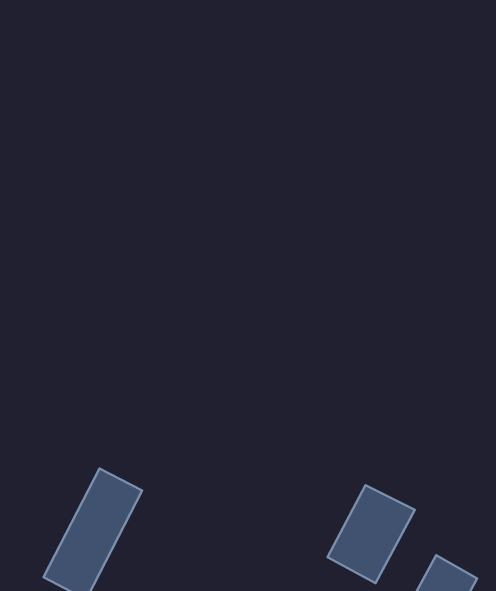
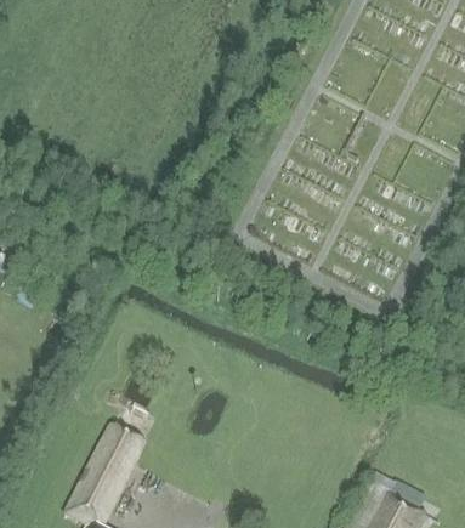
building: [328,485,415,583] -> none

